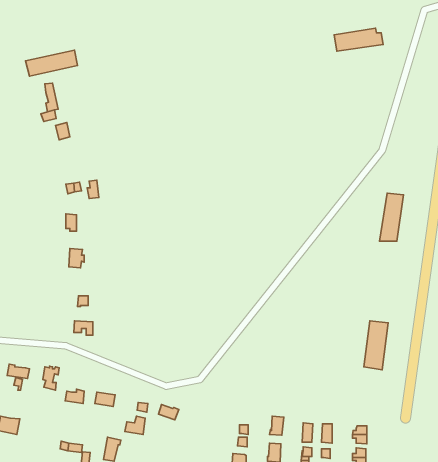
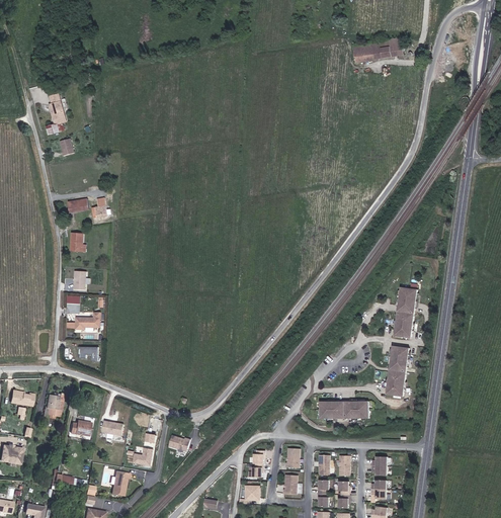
building: [26,50,78,76] -> none
building: [379,193,404,241] -> [391,286,416,337]
building: none -> [319,401,367,417]

